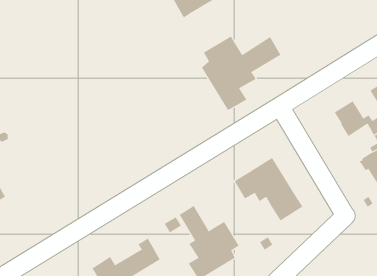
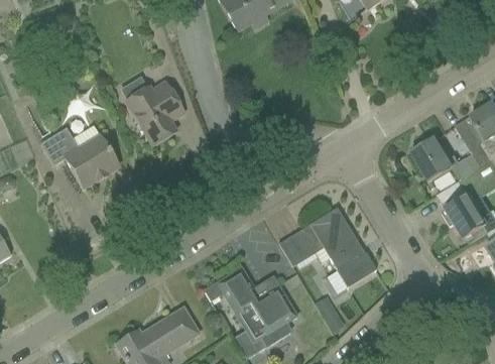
building: [201,35,281,111] -> none
building: none -> [125,81,183,145]
building: none -> [40,124,119,188]

